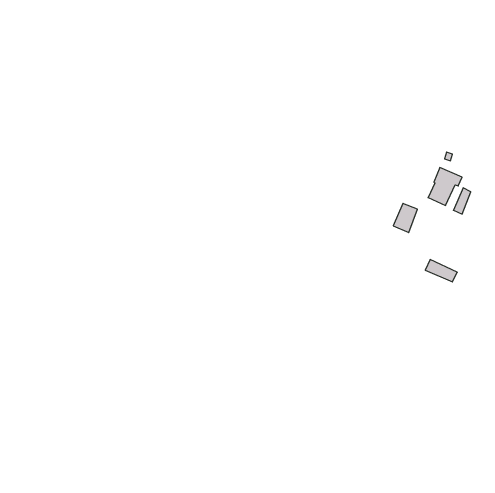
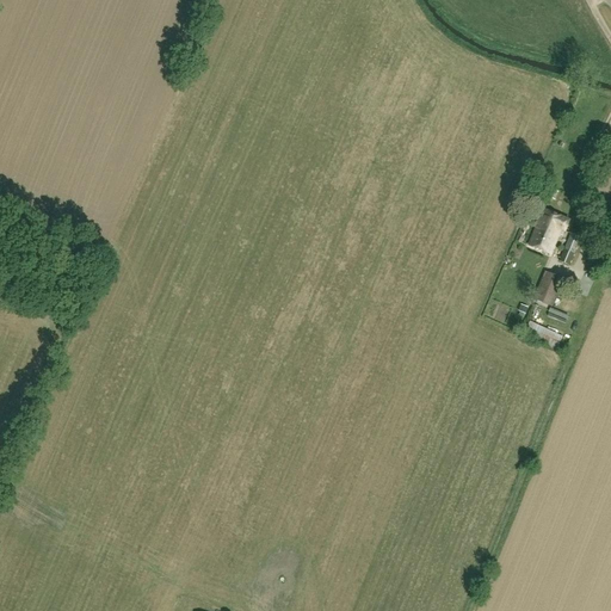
building: [393,203,417,233] -> [533,270,563,306]

